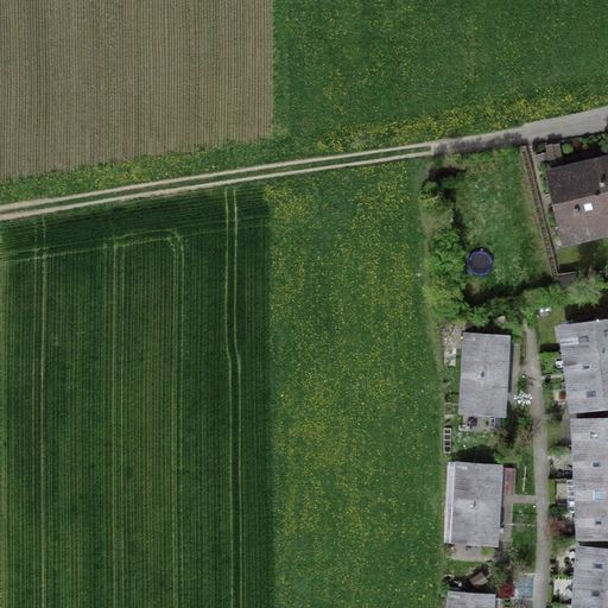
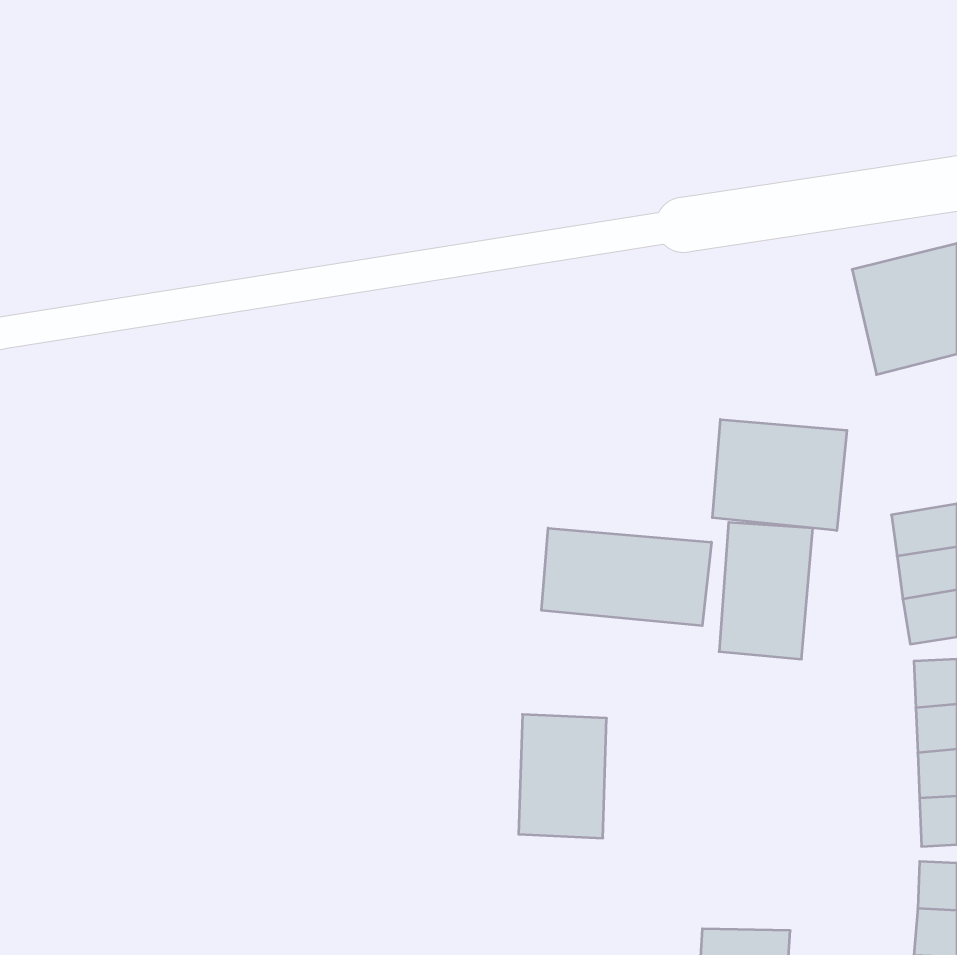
building: none -> [712,419,847,531]
building: none -> [542,528,711,626]
building: [452,463,508,542] -> [519,714,607,838]

